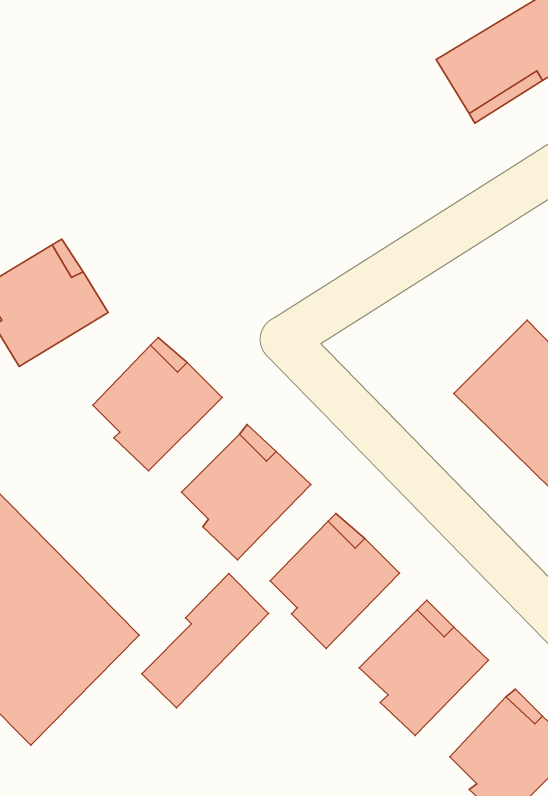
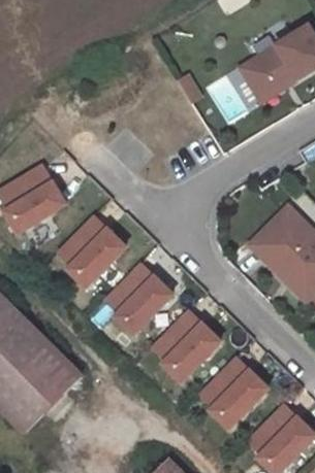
building: [142,574,269,708] -> none

